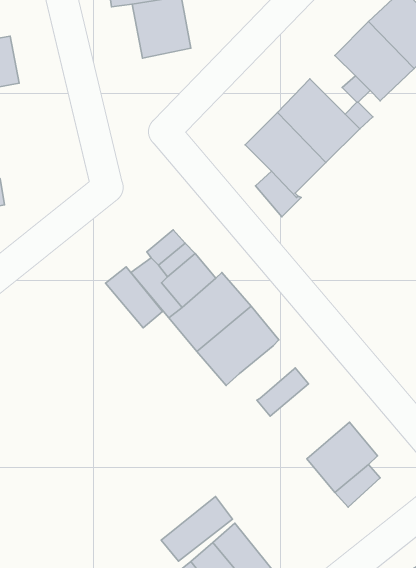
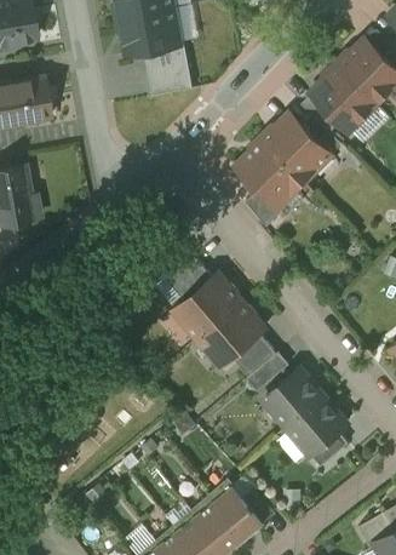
building: [106,267,163,328] -> none
building: none -> [233,333,277,377]
building: none -> [264,368,323,427]
building: [161,496,232,561] -> none

